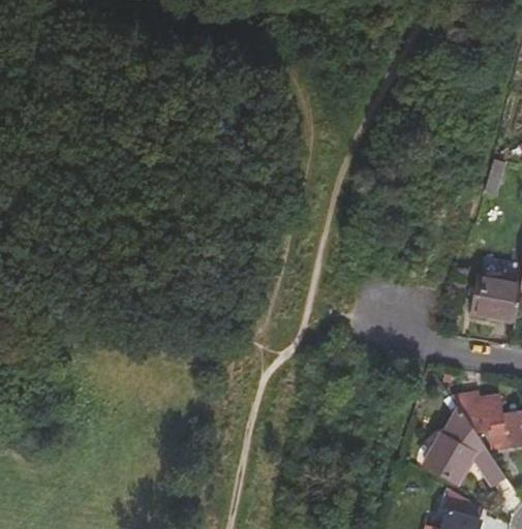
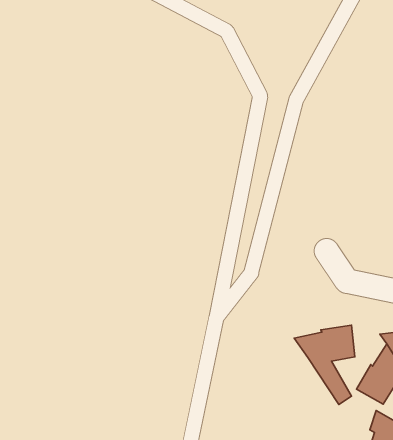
building: none -> [294,325,355,405]

